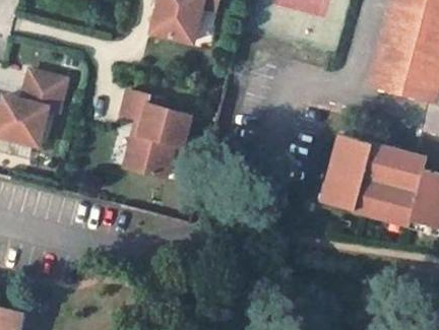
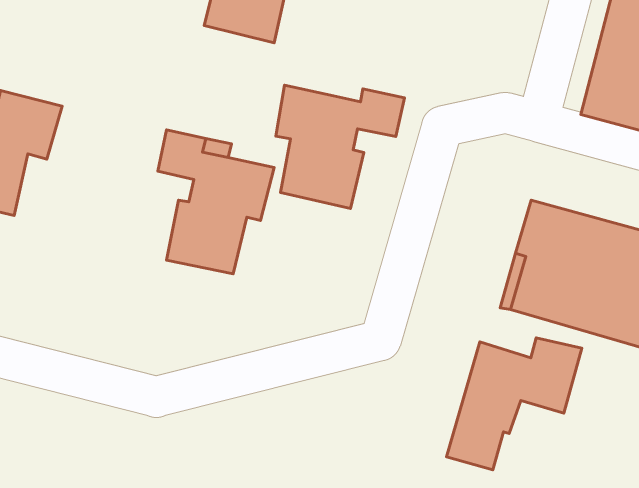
building: none -> [276,85,404,209]
building: none -> [447,338,582,470]

